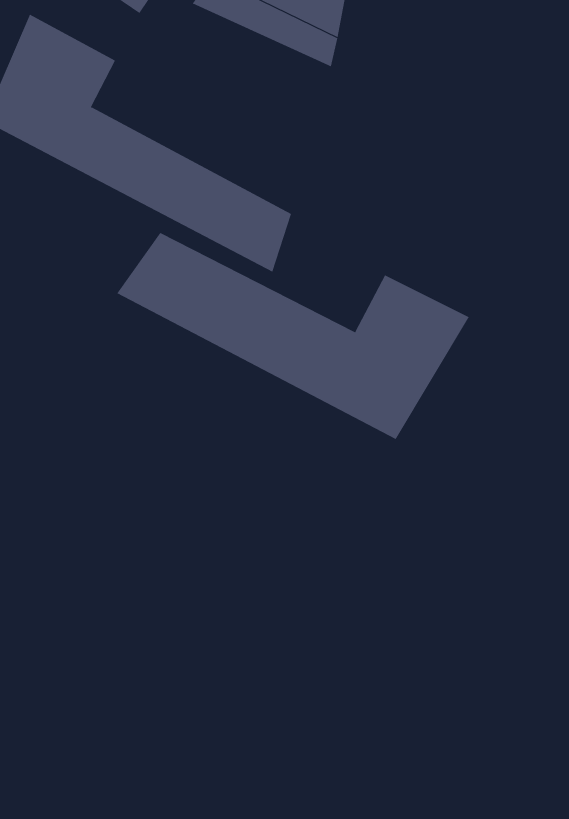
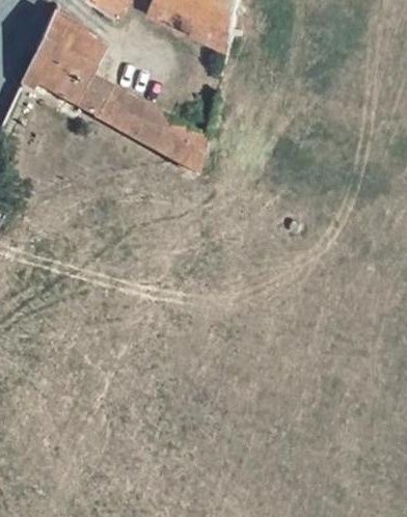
building: [117,232,469,440] -> none

